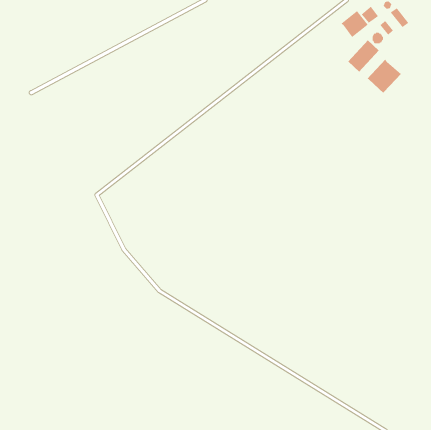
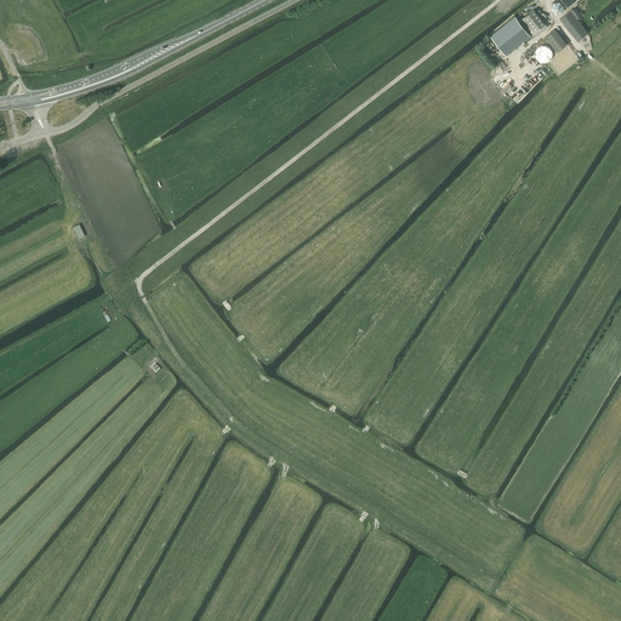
building: [367,59,402,94] -> none

